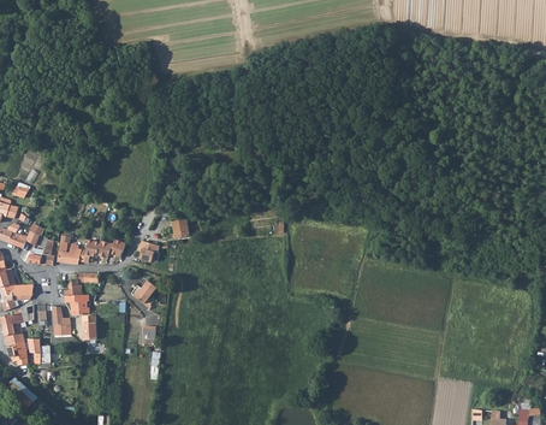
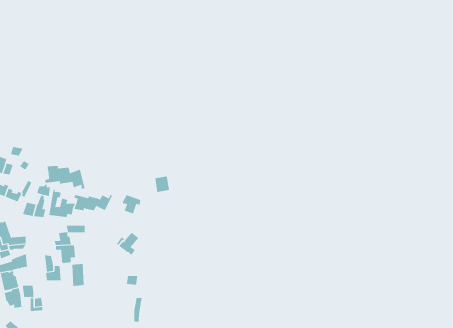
building: none -> [45,165,85,190]

